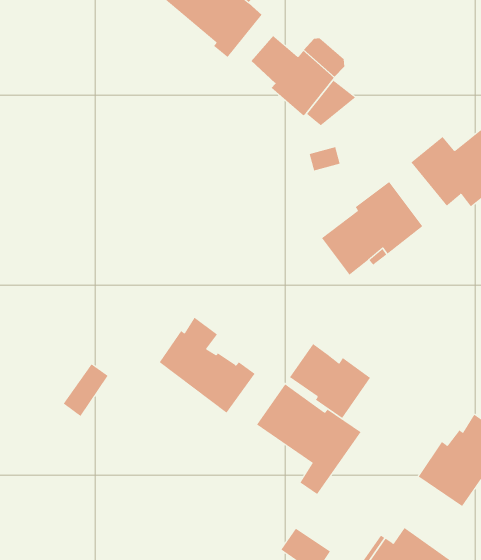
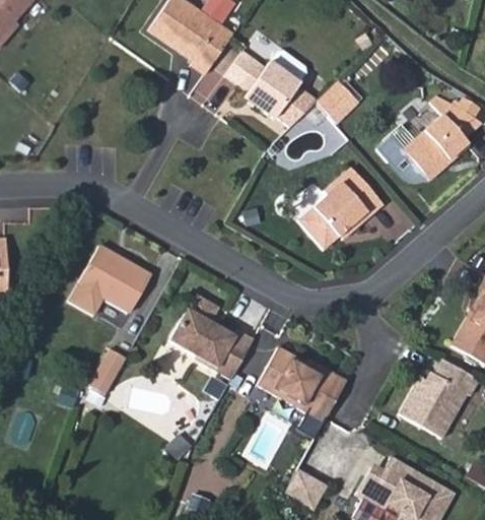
building: none -> [317,80,358,123]
building: none -> [70,244,150,313]
building: [289,343,371,419] -> none

